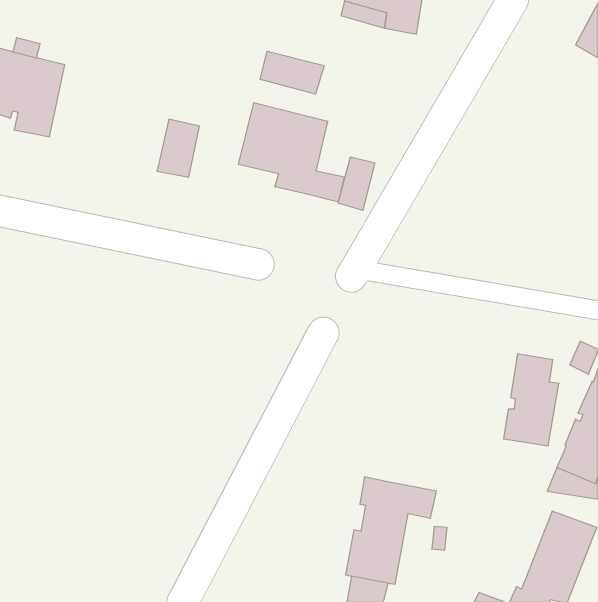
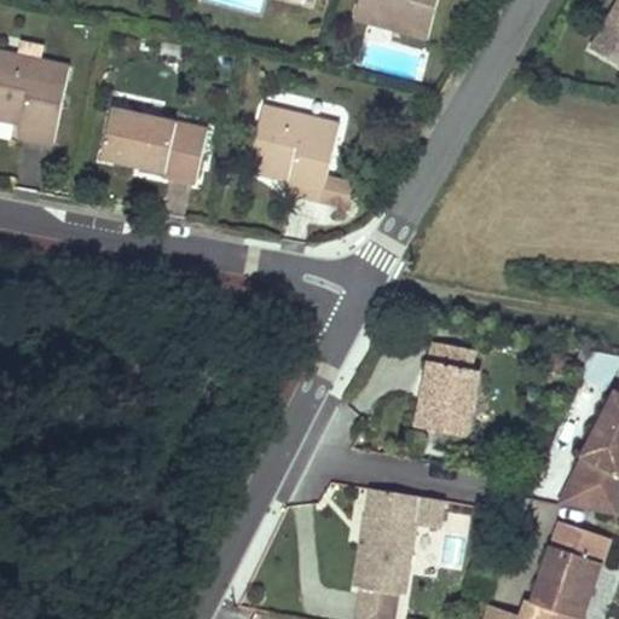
building: [260,51,324,94] -> none
building: none -> [99,109,173,170]
building: [338,157,375,210] -> none
building: [503,354,559,446] -> [424,343,481,438]

